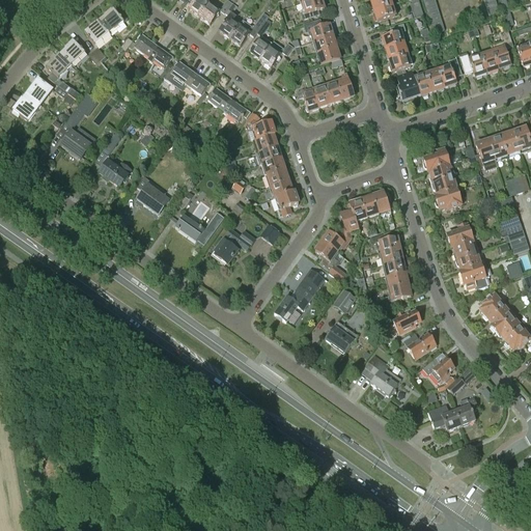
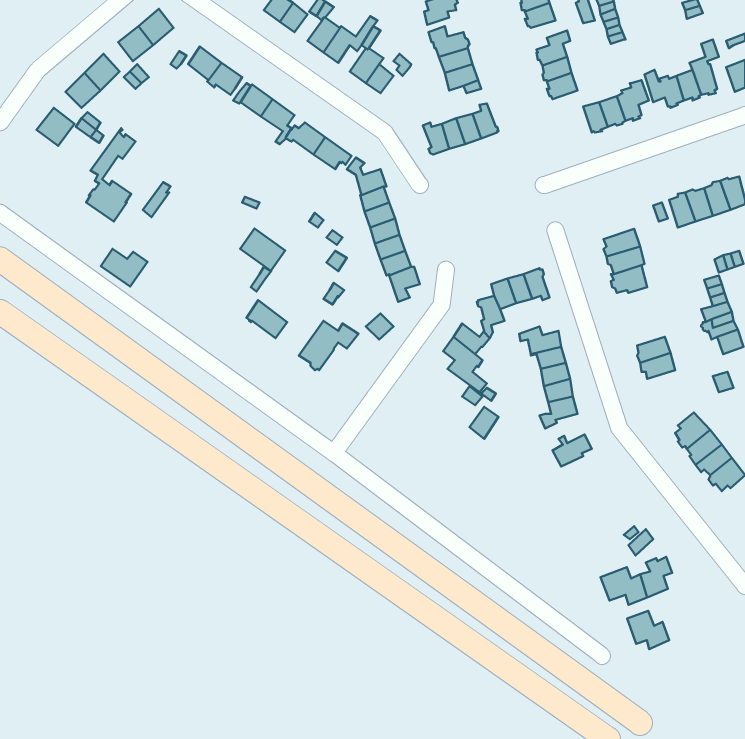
building: [396,68,421,99] -> none
building: [13,92,41,120] -> none
building: [423,146,451,170] -> none
building: [99,159,132,186] -> [101,249,148,287]
building: [137,184,169,214] -> [240,229,285,271]
building: [446,221,473,247] -> none
building: [458,262,488,288] -> none
building: [274,268,325,322] -> none
building: [325,319,358,352] -> none
building: [403,332,436,358] -> none
building: [365,354,401,395] -> none
building: [422,357,454,382] -> none
building: none -> [627,611,669,649]

